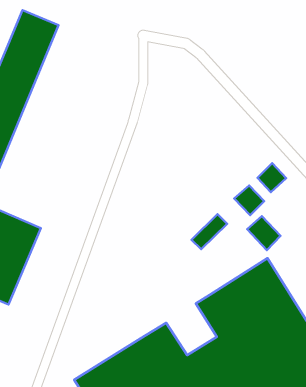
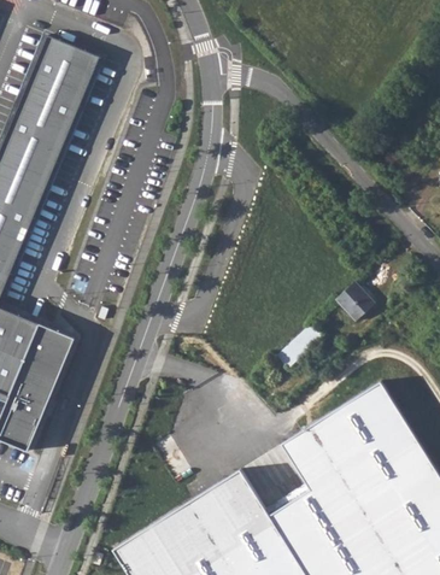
building: [257,163,286,192] -> none
building: [247,216,280,250] -> none

